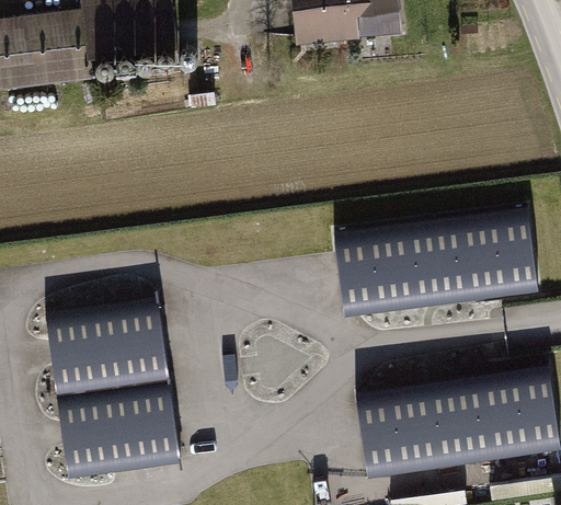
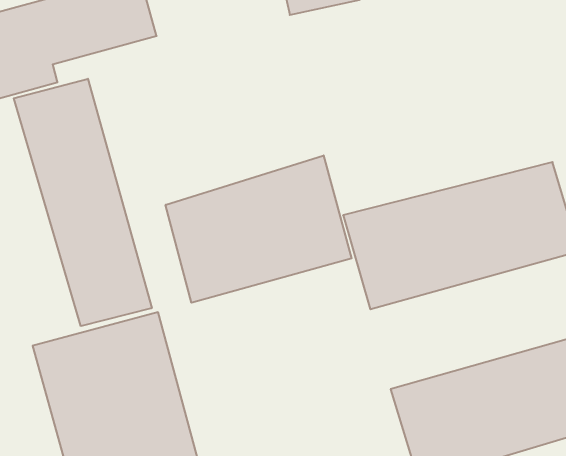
building: none -> [14,79,152,326]
building: none -> [166,155,352,303]

